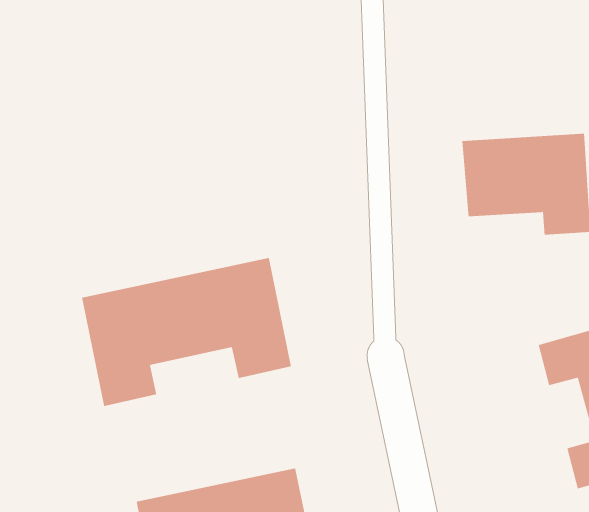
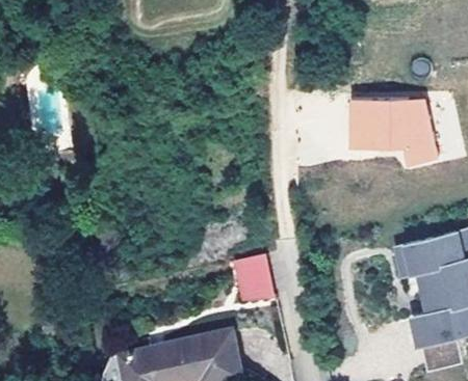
building: [81,257,292,407] -> none
building: none -> [238,257,274,300]

